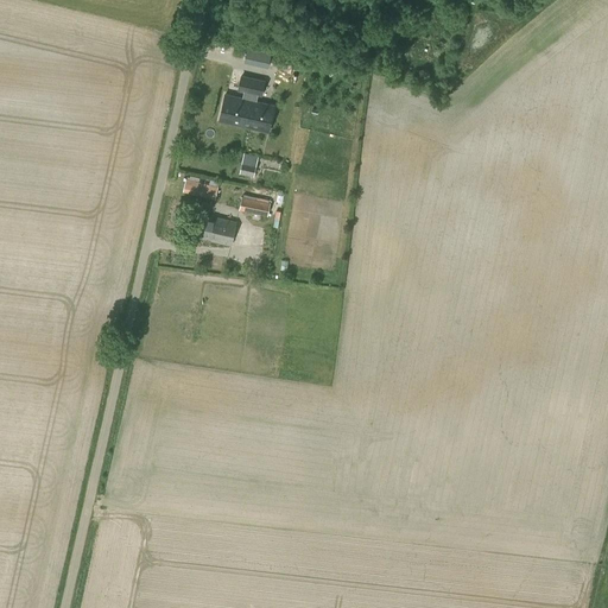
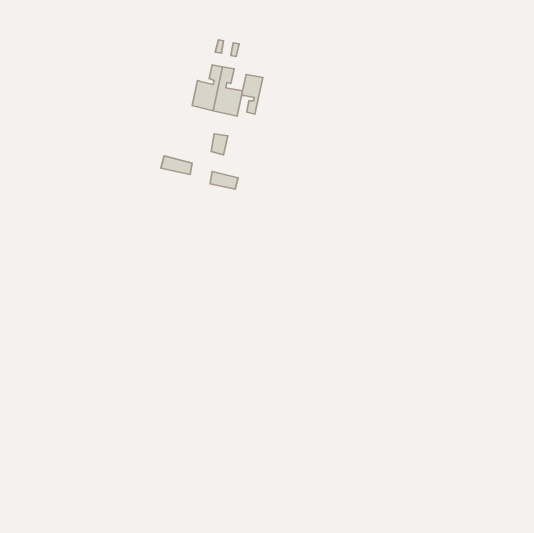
building: none -> [242,75,263,114]
building: [197,215,236,243] -> none

